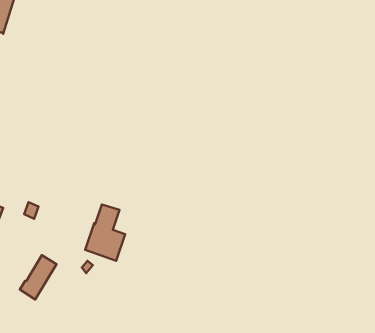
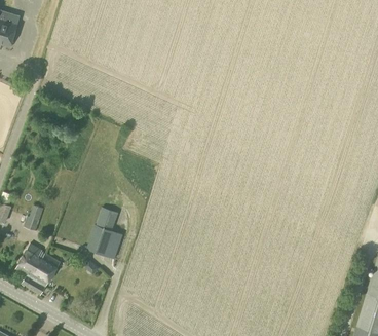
building: none -> [15,244,46,286]

